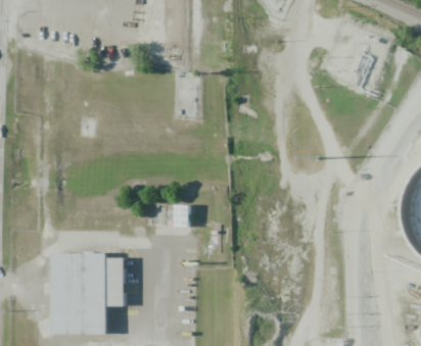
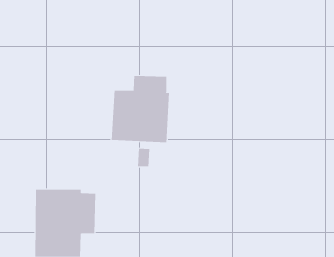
building: none -> [111,75,170,143]

